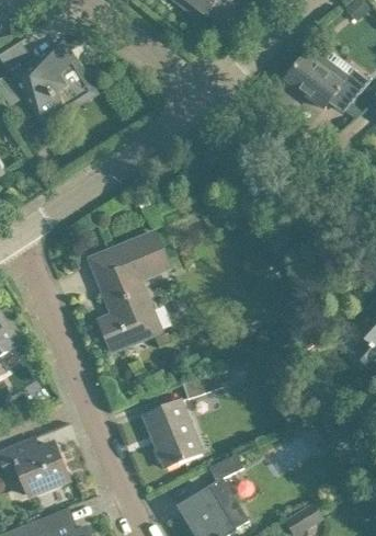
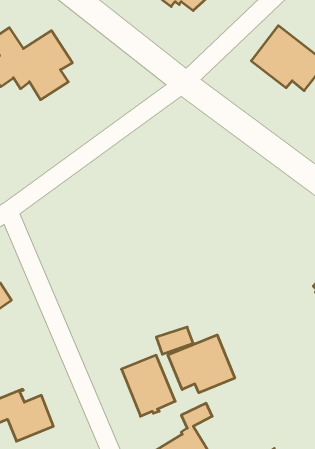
building: [90,232,169,351] -> none
building: none -> [168,335,235,393]

